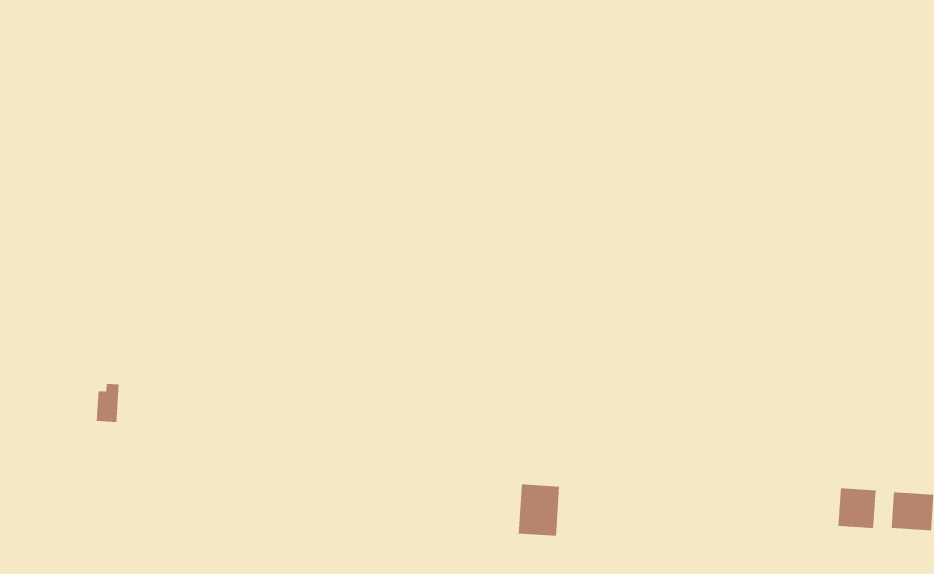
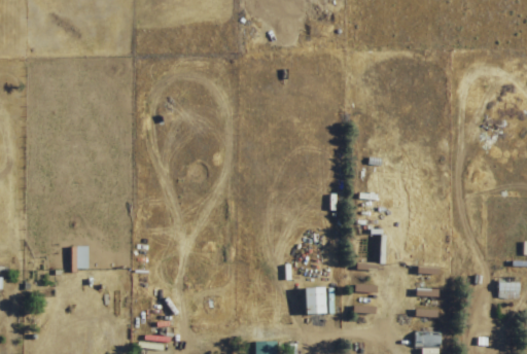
building: [838,487,876,529] -> none

